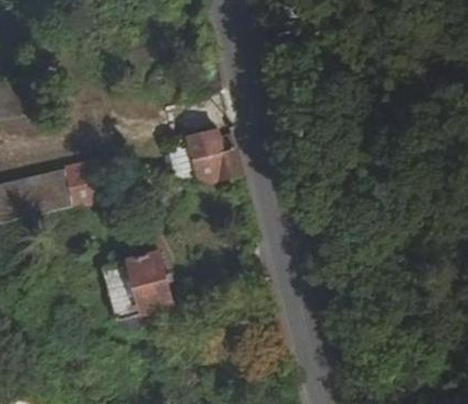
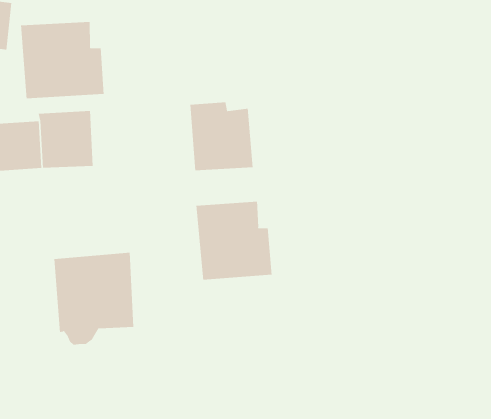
building: none -> [21,21,104,99]
building: none -> [196,201,272,281]

